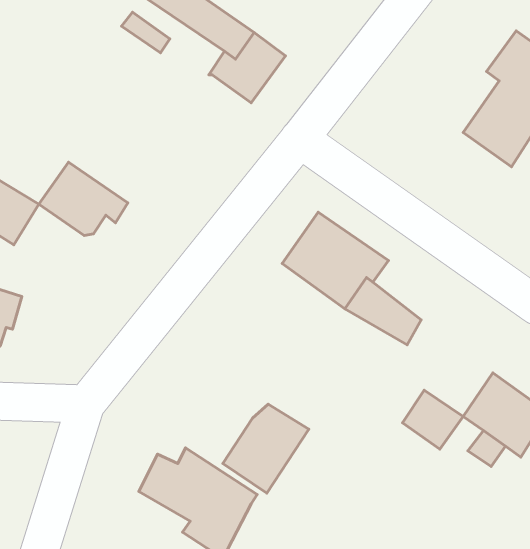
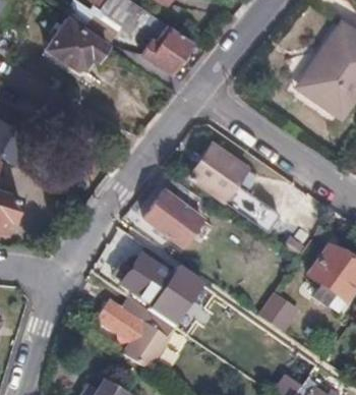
building: [39,162,128,235] -> [46,18,104,66]
building: none -> [143,178,202,245]
building: none -> [120,257,170,306]
building: [402,390,463,449] -> [258,293,298,332]

